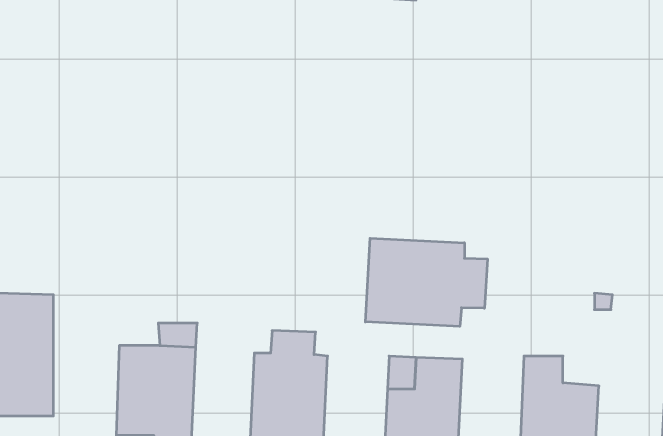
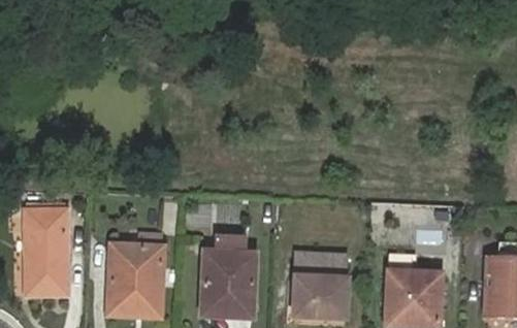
building: [365,238,487,326] -> none

